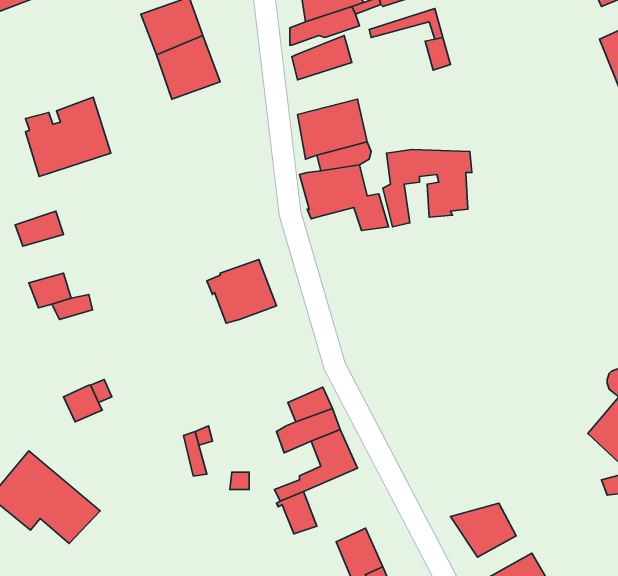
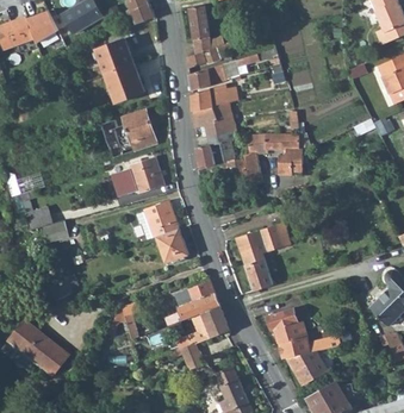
building: none -> [191,81,238,111]
building: [26,97,111,176] -> [104,108,156,157]
building: none -> [112,156,164,195]
building: none -> [235,221,286,292]
building: none -> [156,229,187,262]
building: none -> [268,309,344,359]

